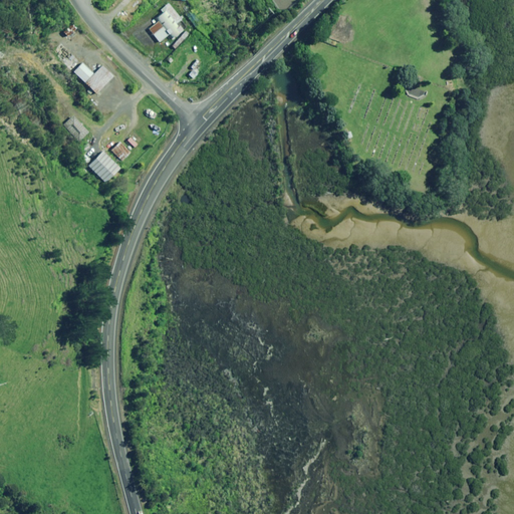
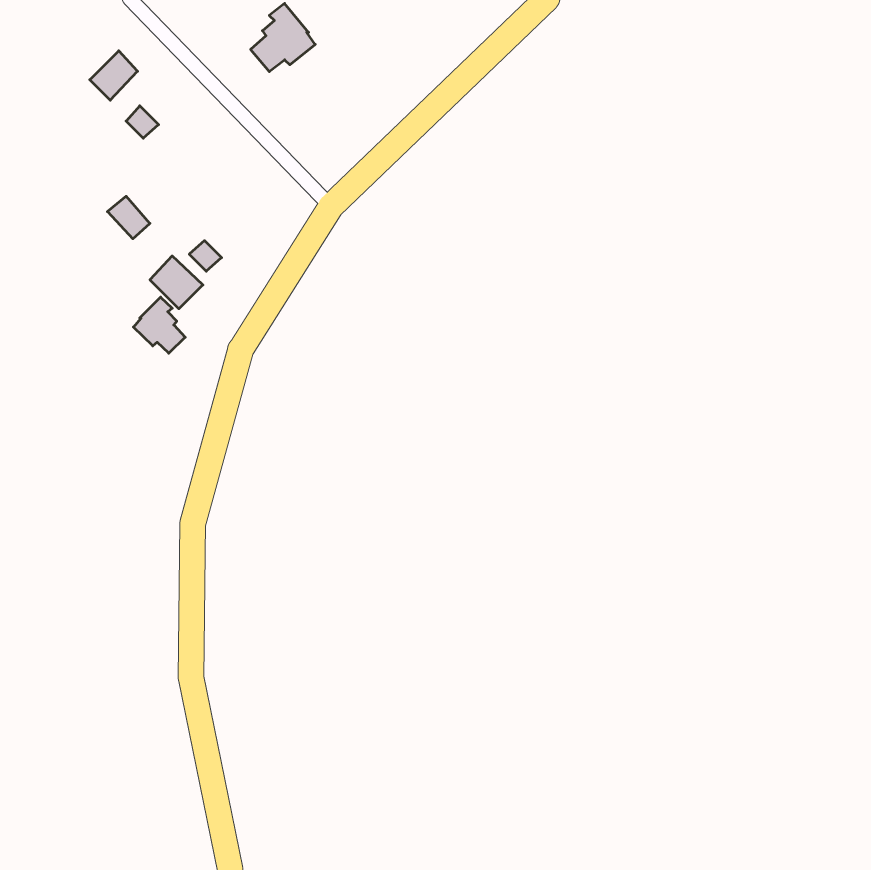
building: [84,64,112,93] -> [90,51,138,100]
building: none -> [133,297,185,353]

